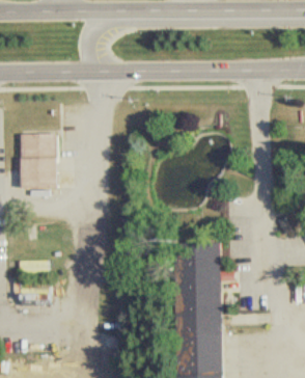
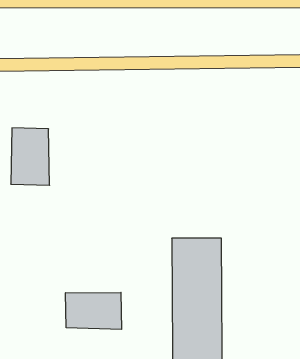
building: none -> [66,292,122,329]

